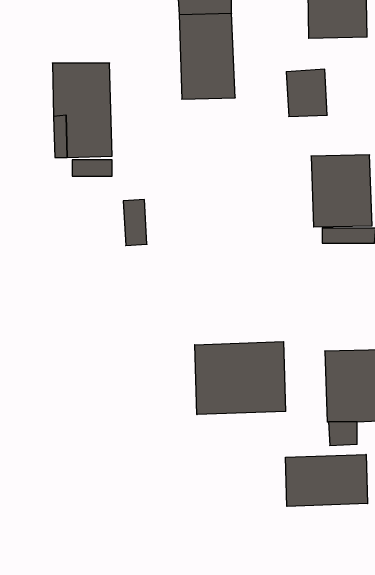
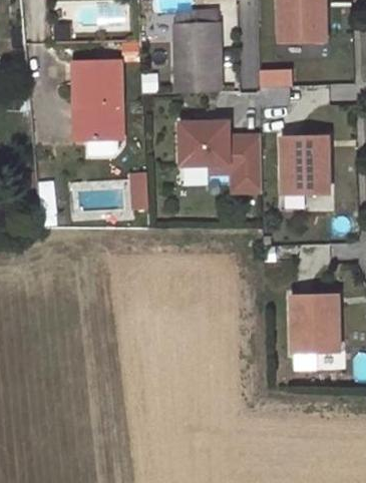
building: none -> [179,120,262,190]
building: [195,342,286,415] -> none
building: [286,454,368,506] -> none

